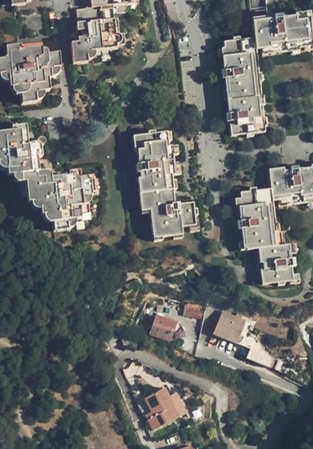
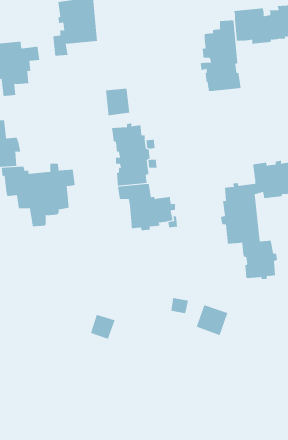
building: none -> [105,88,130,116]
building: [222,94,262,135] -> none
building: [151,314,176,339] -> [90,314,115,339]
building: [147,391,189,434] -> none

